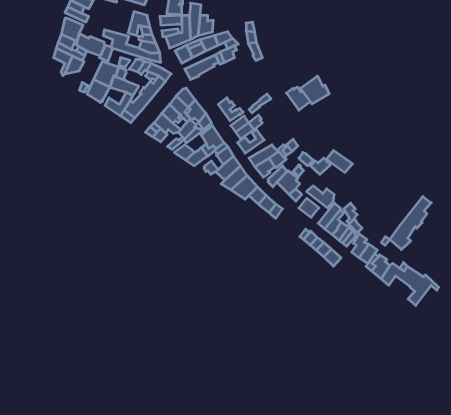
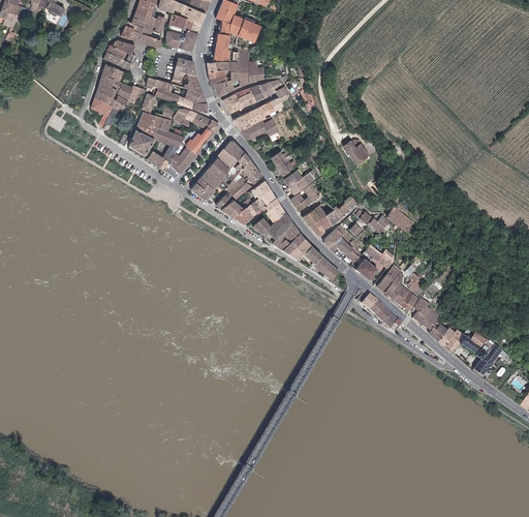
building: none -> [240,116,280,142]
building: [300,76,329,104] -> none
building: [390,196,431,250] -> none

